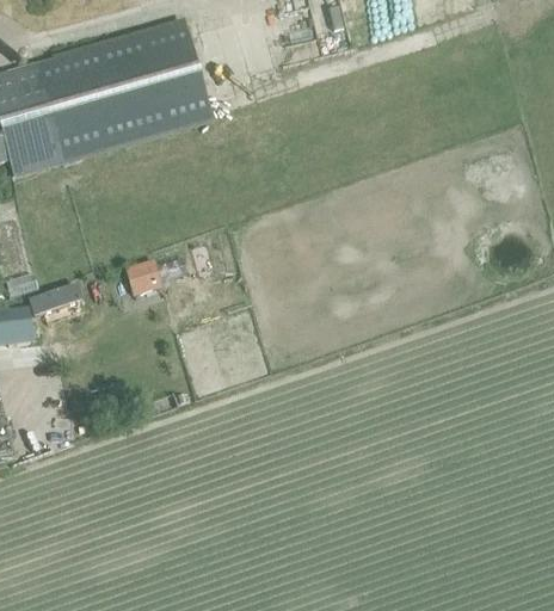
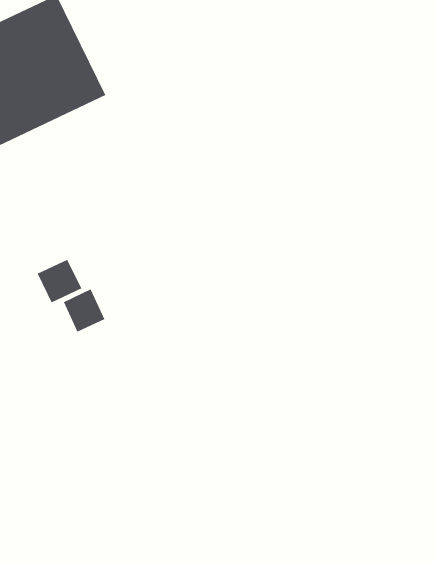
building: none -> [63,289,105,333]

